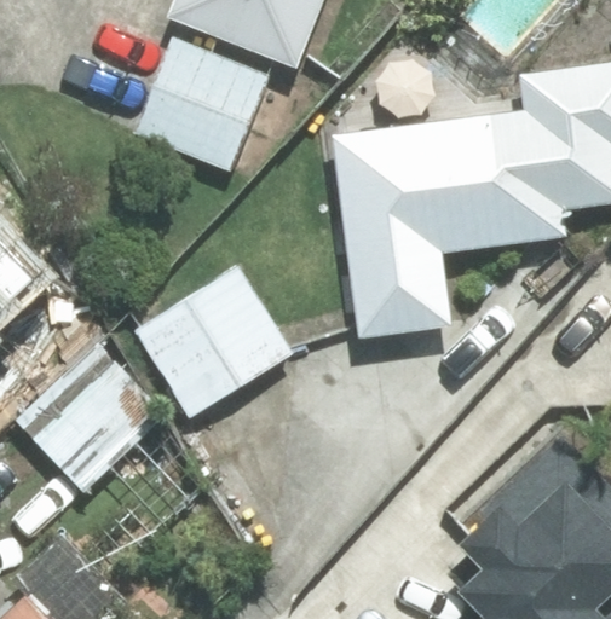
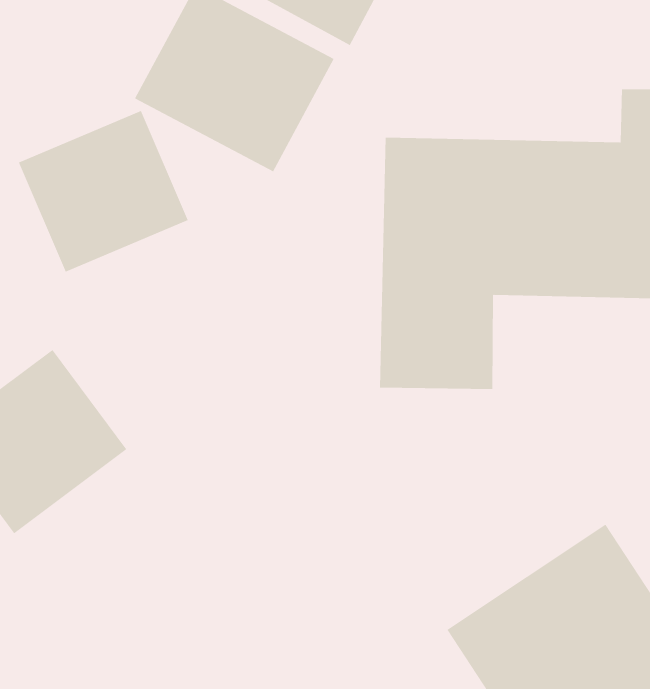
building: none -> [18,110,189,273]
building: [132,265,295,421] -> none

